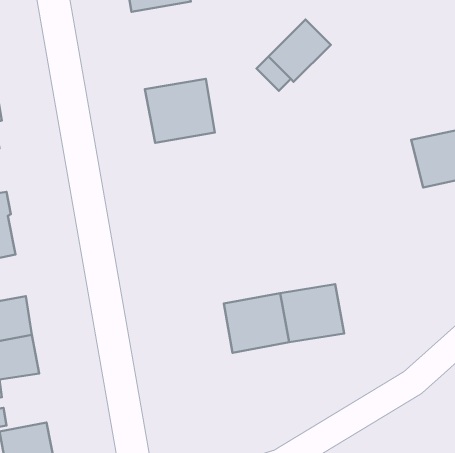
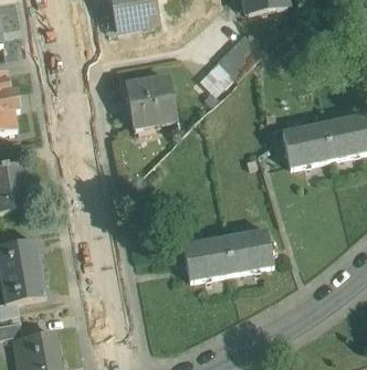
building: none -> [282,123,332,168]

